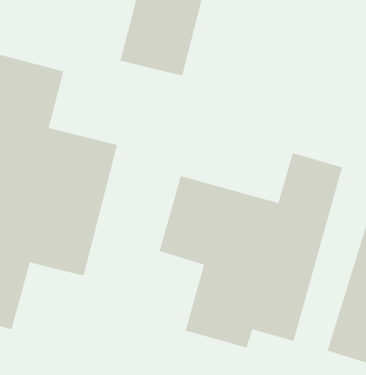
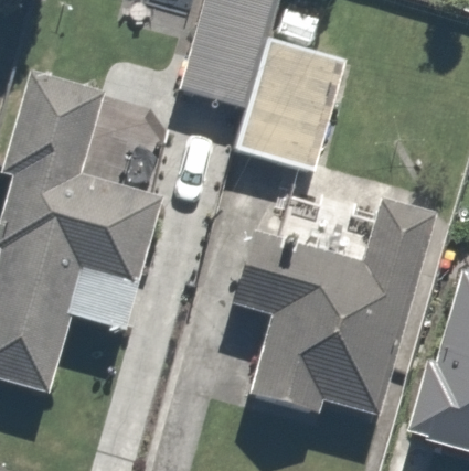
building: none -> [234,39,350,179]

